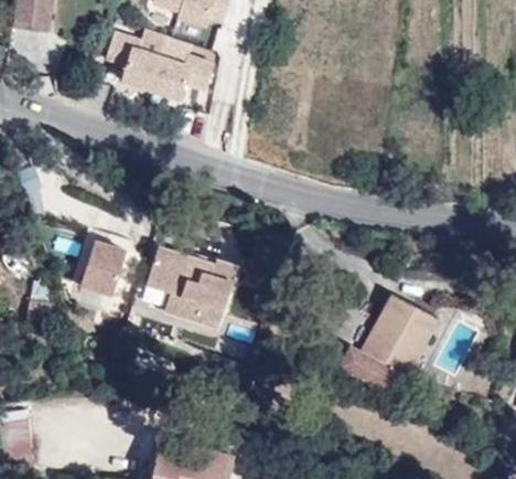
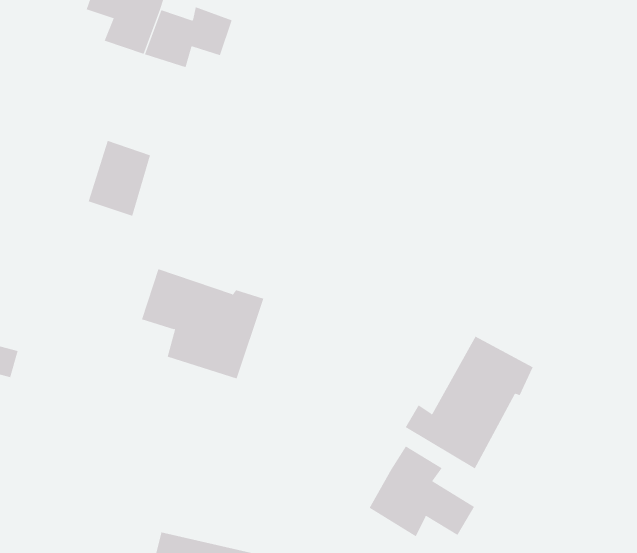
building: [80,238,127,295] -> [88,140,151,217]
building: none -> [369,446,475,537]

